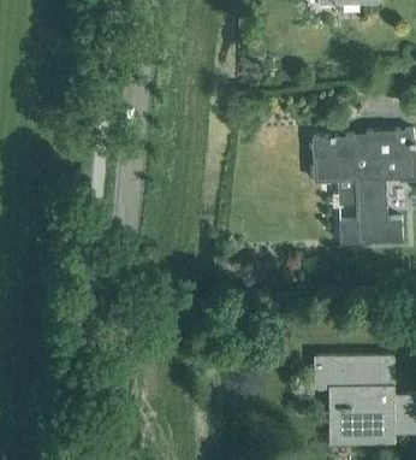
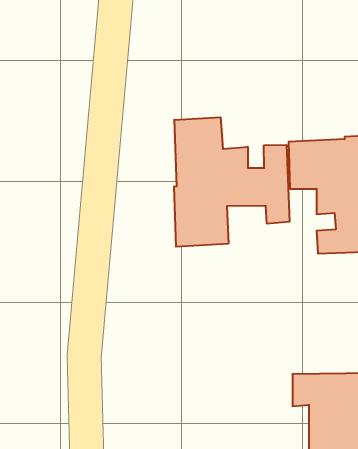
building: none -> [174,117,289,247]

